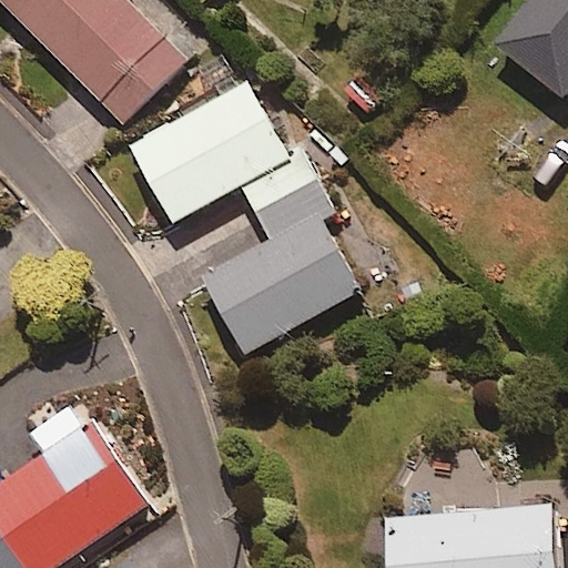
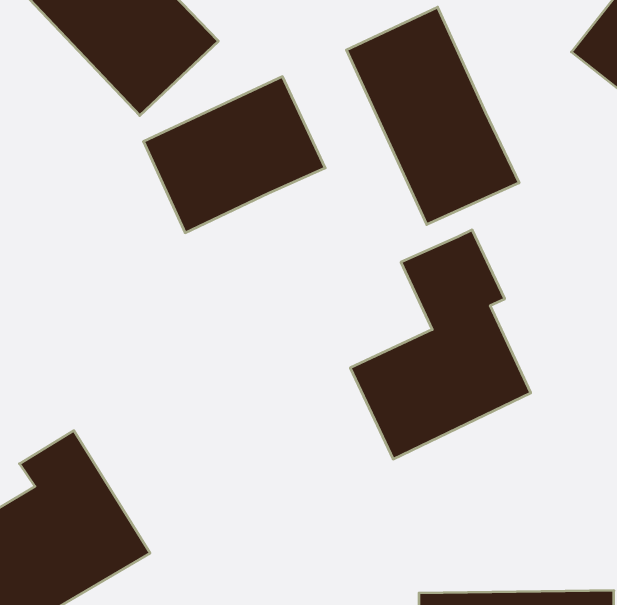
building: none -> [346,7,519,225]
building: [201,153,357,354] -> [350,230,531,459]

